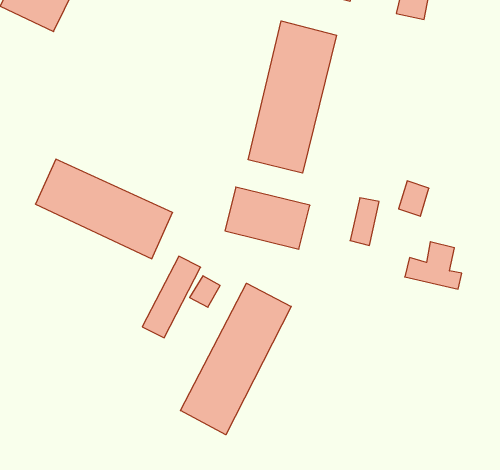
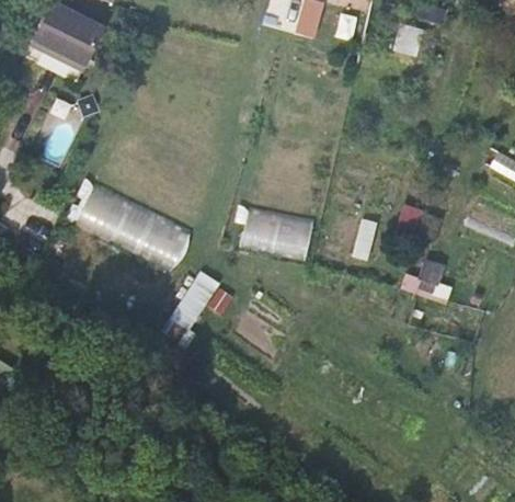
building: [248,21,337,173] -> none
building: [180,283,291,435] -> none

